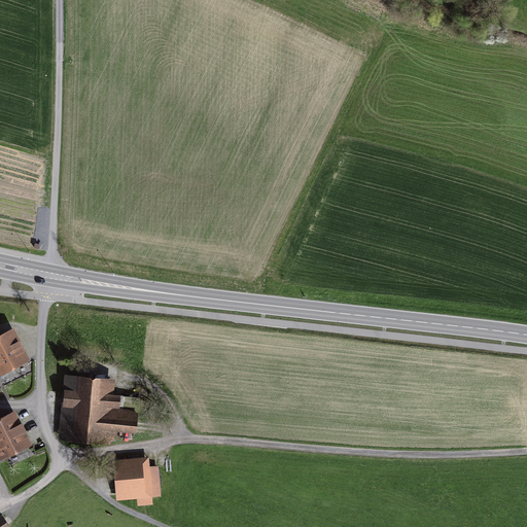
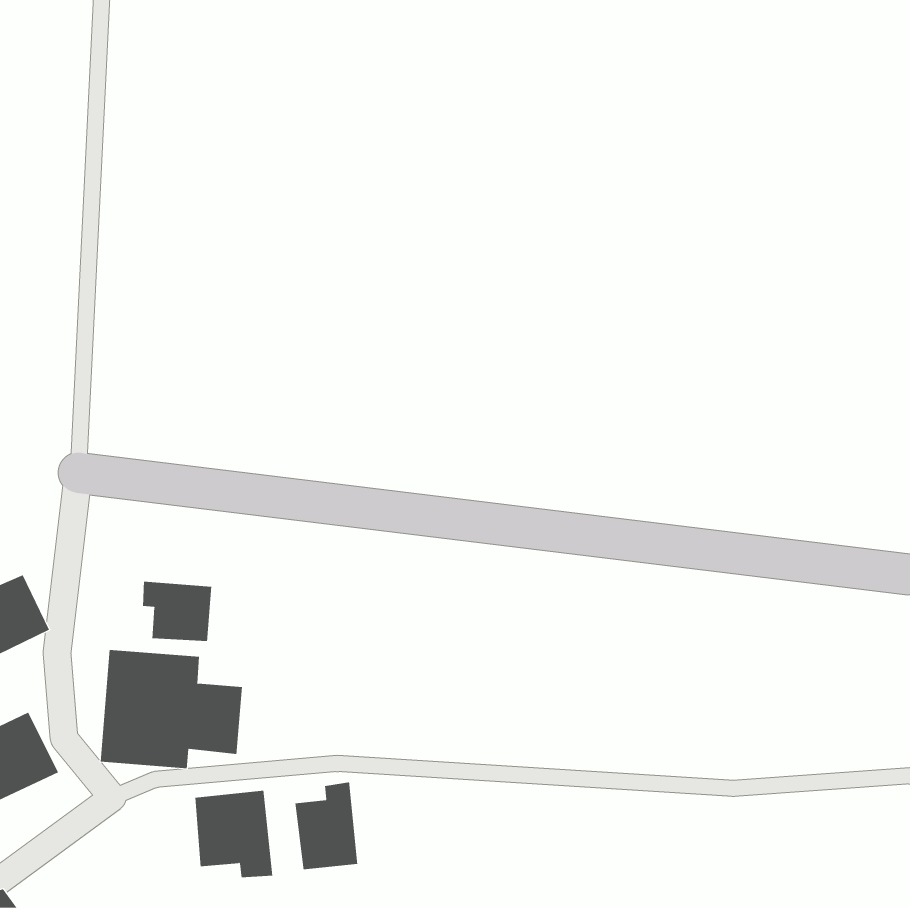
building: none -> [143,581,212,642]
building: none -> [295,781,358,870]

